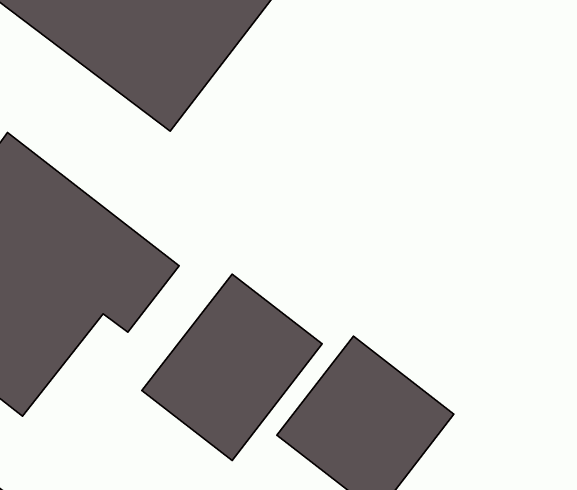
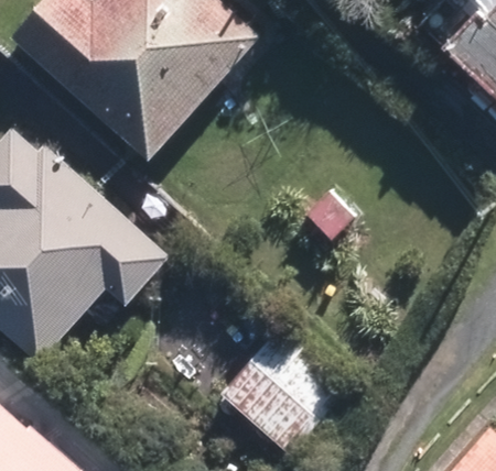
building: [142,274,322,460] -> none

